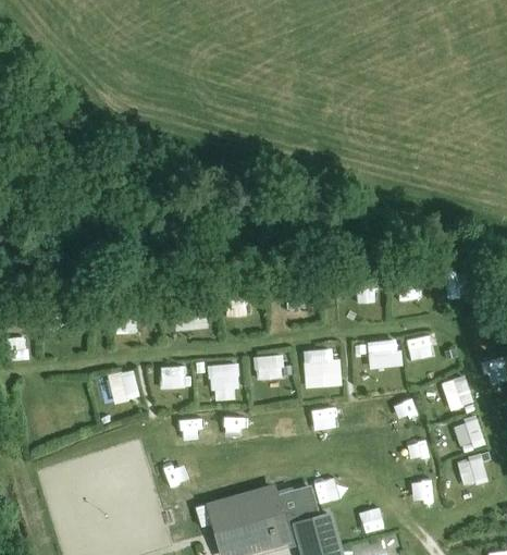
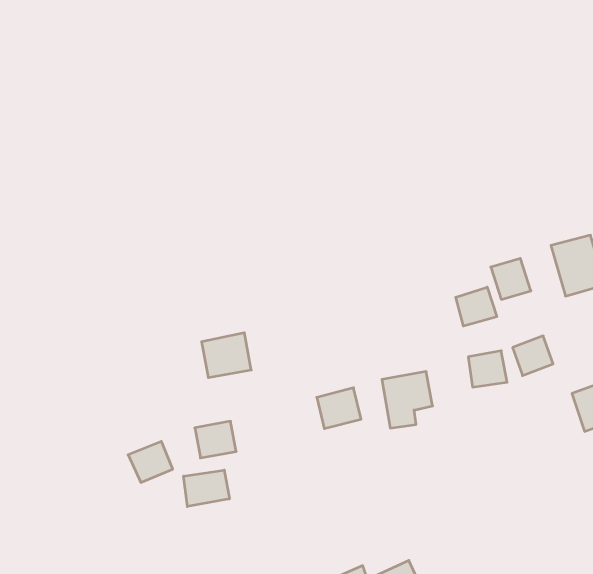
building: none -> [456,287,497,326]
building: [209,363,242,392] -> none
building: none -> [184,470,229,507]

